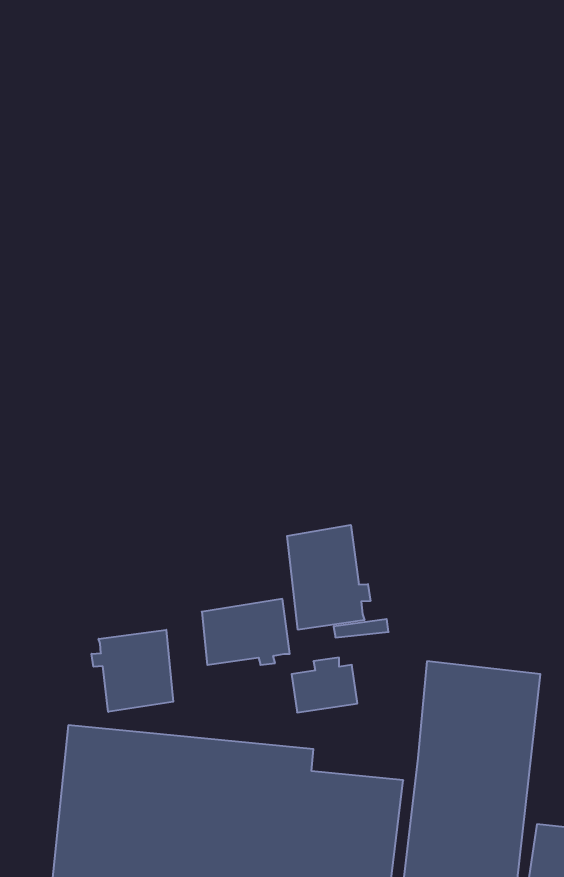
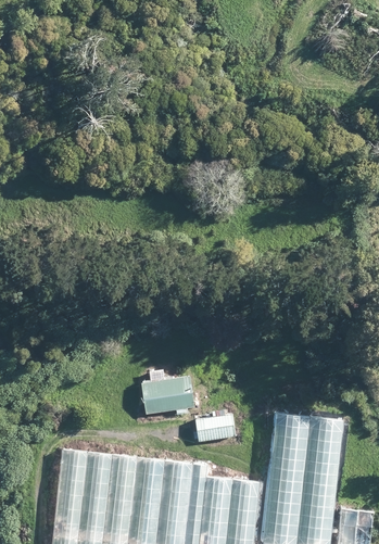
building: [287,525,370,630] -> none
building: [92,630,173,712] -> none

